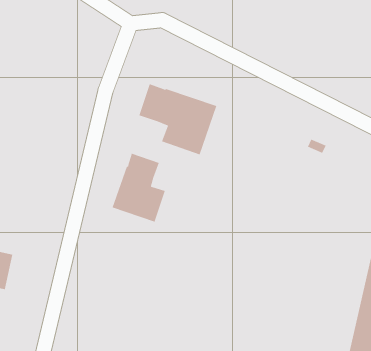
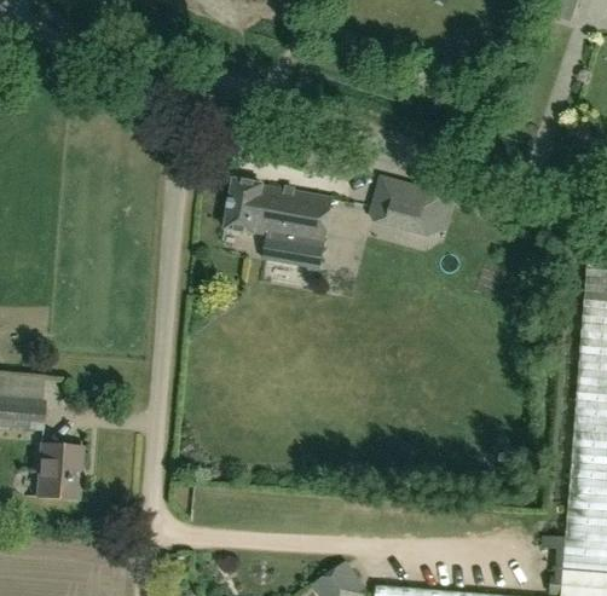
building: none -> [368,175,445,235]
building: [112,153,165,222] -> none

